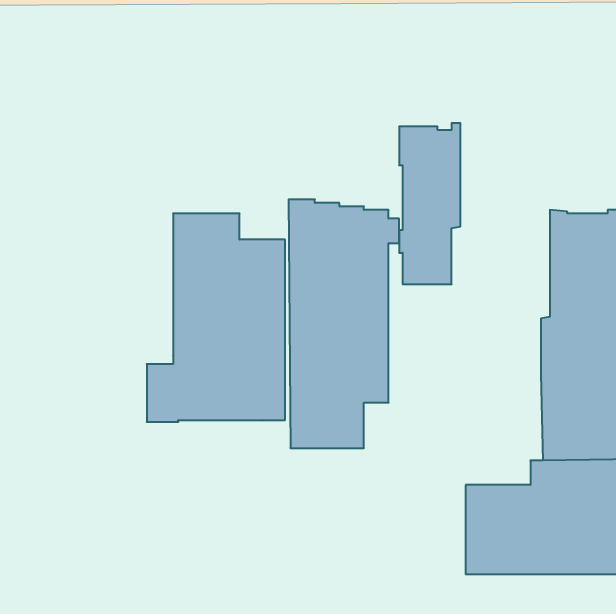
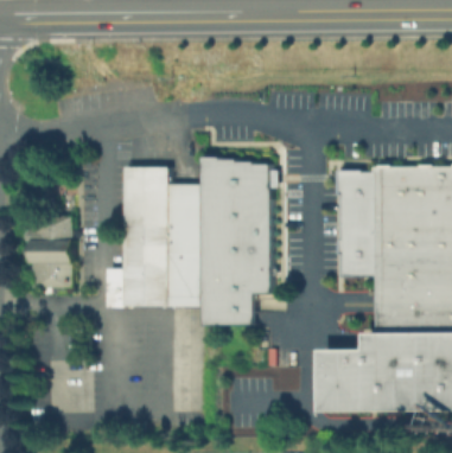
building: [399,123,460,284] -> [336,165,377,274]
building: none -> [20,211,71,285]

